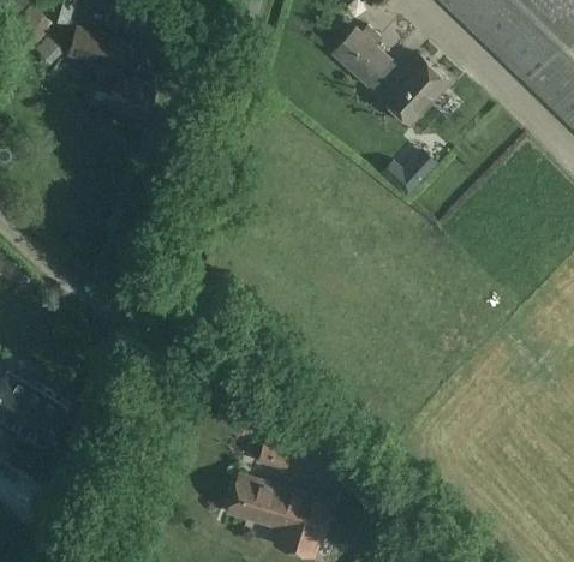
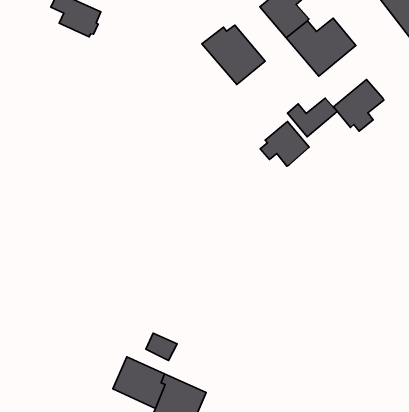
building: none -> [202,25,265,85]
building: none -> [333,80,384,131]
building: none -> [260,121,309,166]

